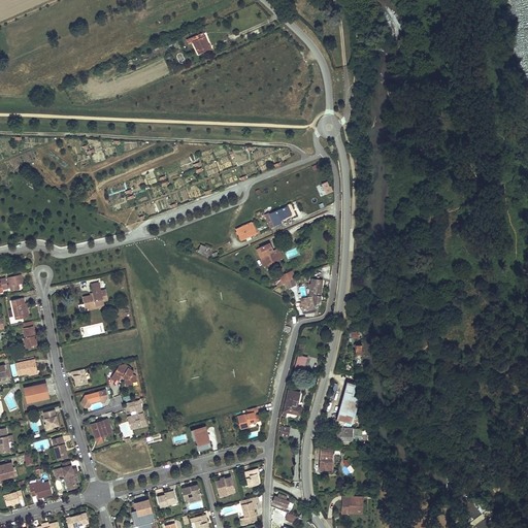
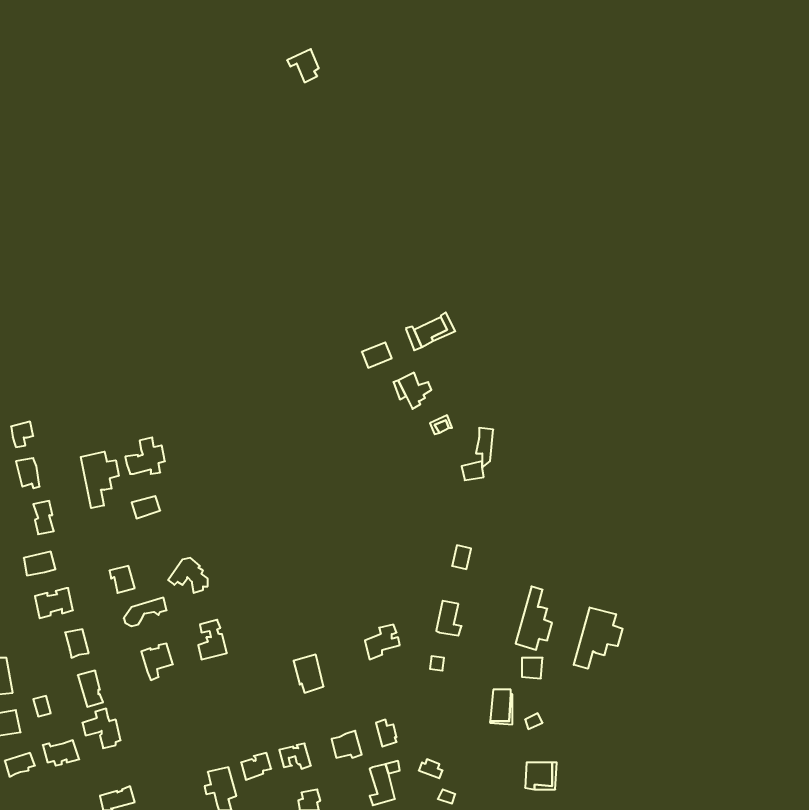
building: none -> [81,452,119,508]
building: none -> [574,607,623,669]

